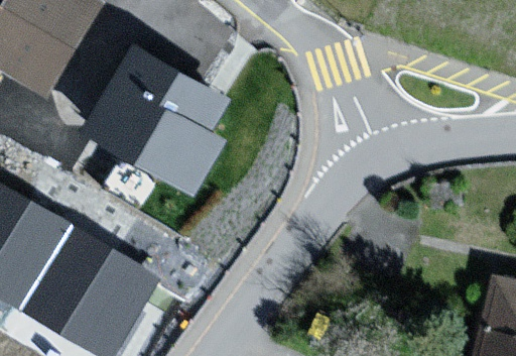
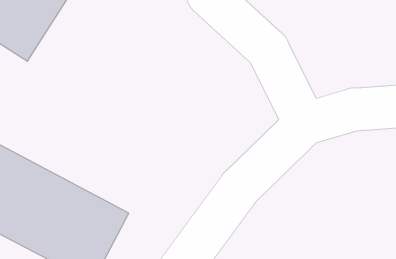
building: [92,61,213,191] -> none

